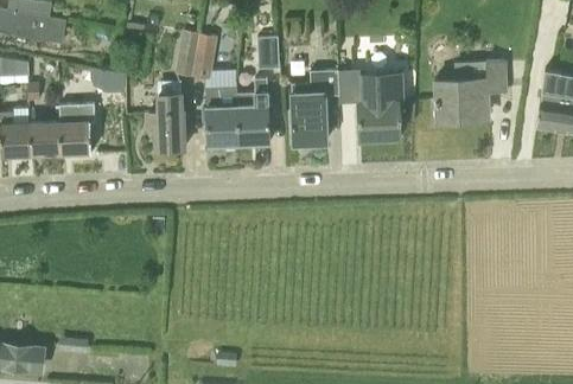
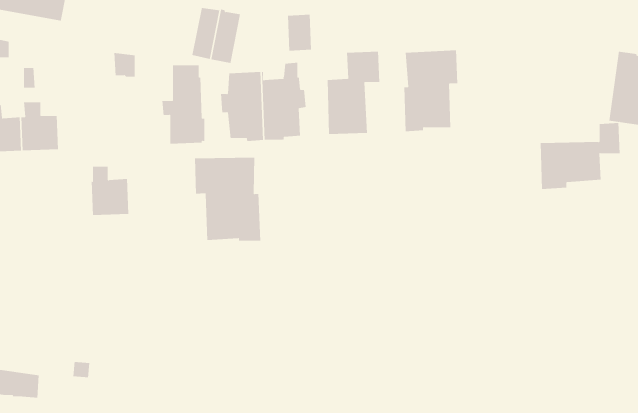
building: [435,63,505,121] -> [540,122,621,189]
building: [58,111,91,154] -> [91,166,129,215]
building: none -> [194,157,261,242]

